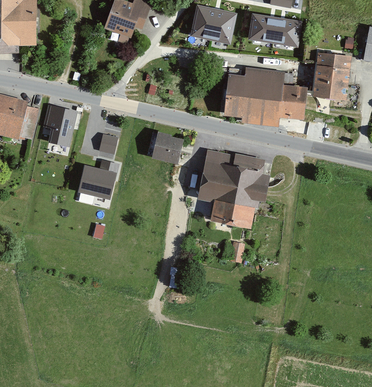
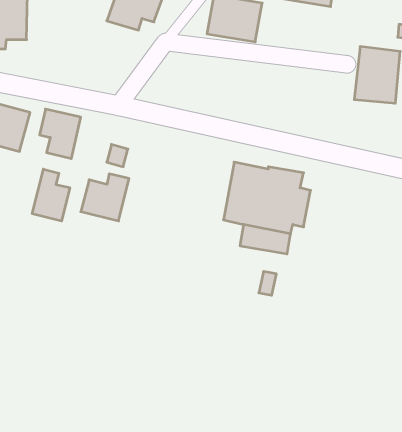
building: [246,18,297,48] -> none
building: [221,67,305,125] -> none
building: [149,130,182,163] -> none
building: none -> [32,169,70,221]

